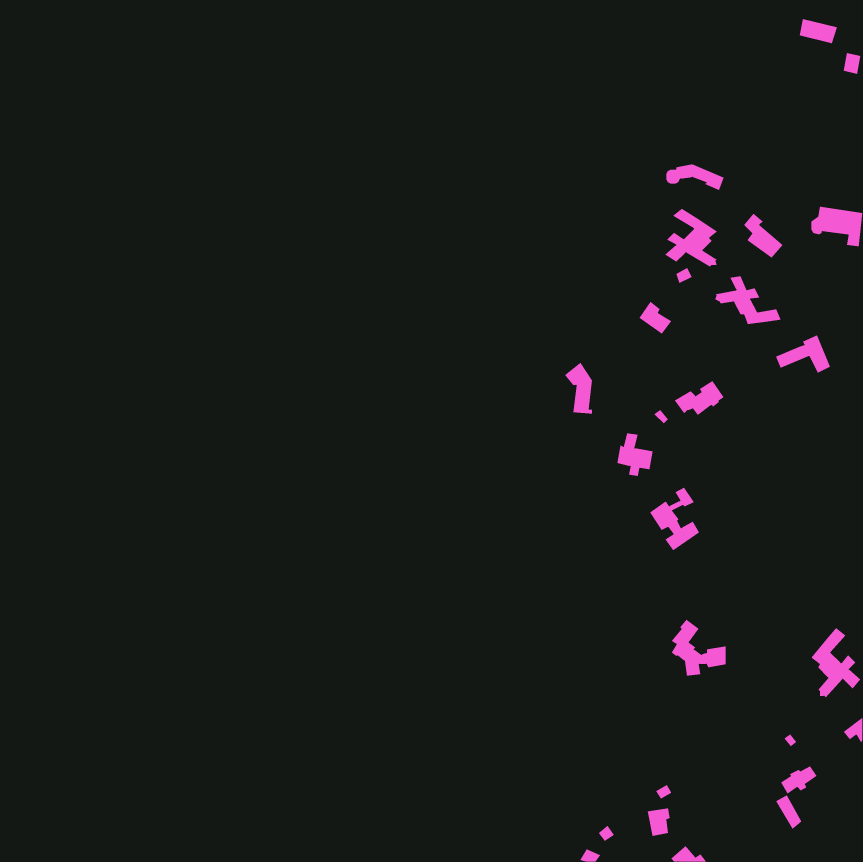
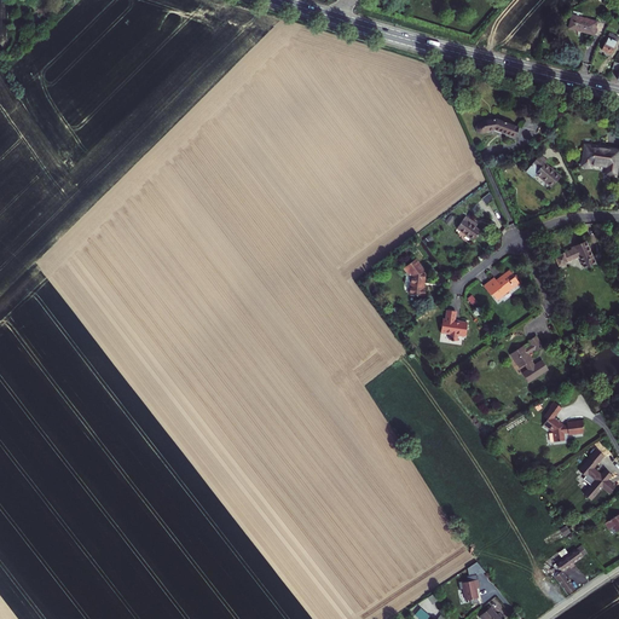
building: [664,208,718,268] -> none
building: [715,276,782,325] -> none
building: [649,487,700,551] -> [513,336,549,382]
building: [671,619,727,676] -> [544,399,584,440]

